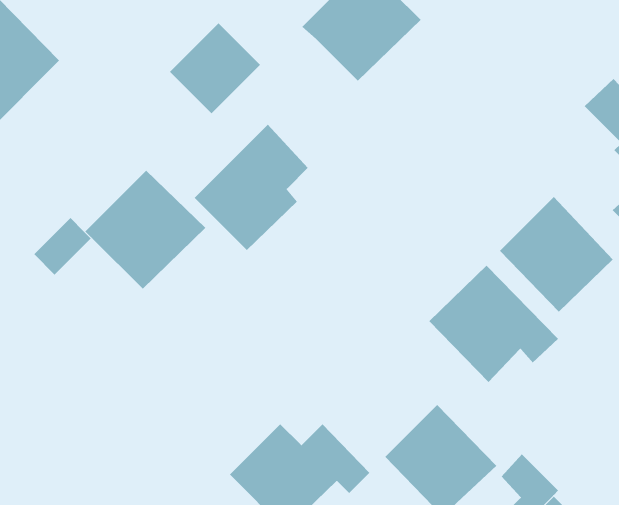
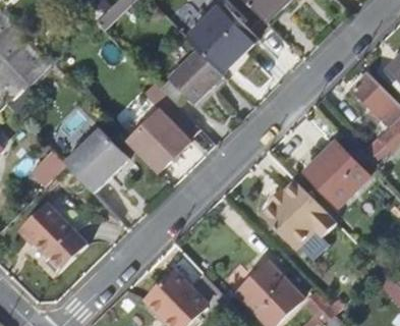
building: [169,22,261,114] -> [168,49,221,102]
building: none -> [20,201,88,271]

